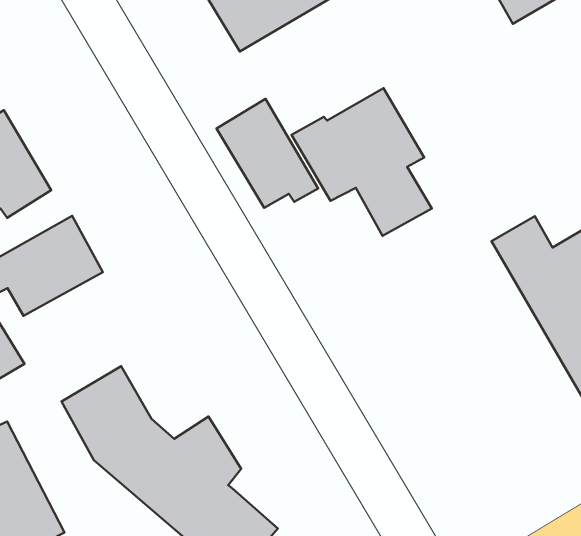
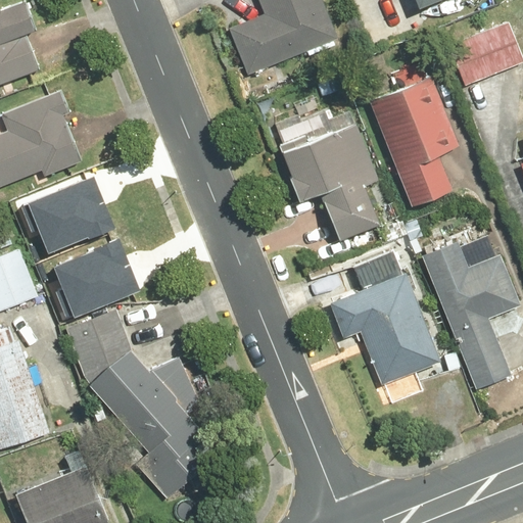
building: none -> [368,74,460,204]
building: [216,99,318,208] -> none
building: none -> [329,271,440,383]
building: none -> [48,246,137,319]

